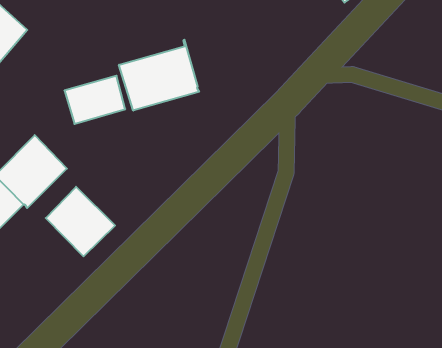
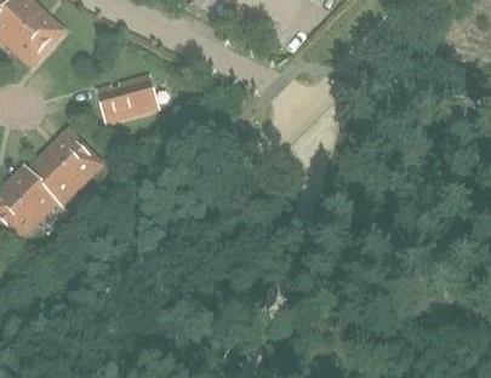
building: [119,40,199,111] -> none
building: [46,187,115,256] -> none

